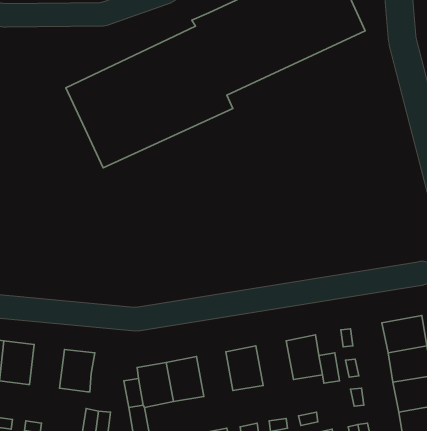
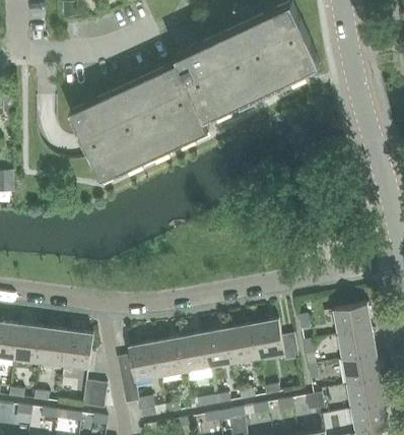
building: none -> [227,324,259,362]
building: none -> [38,327,67,364]
building: none -> [178,333,208,371]

